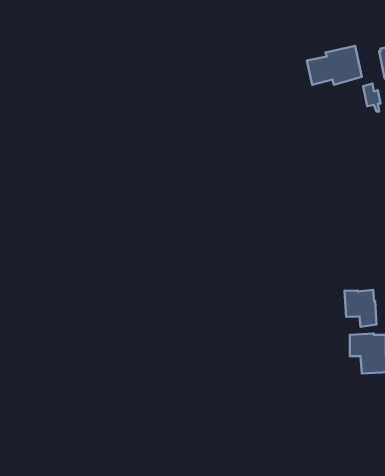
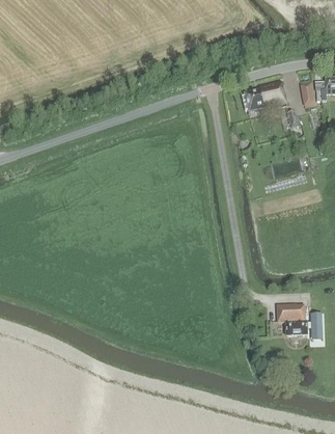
building: [345,290,377,327] -> none

